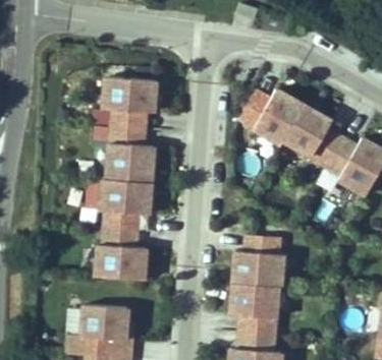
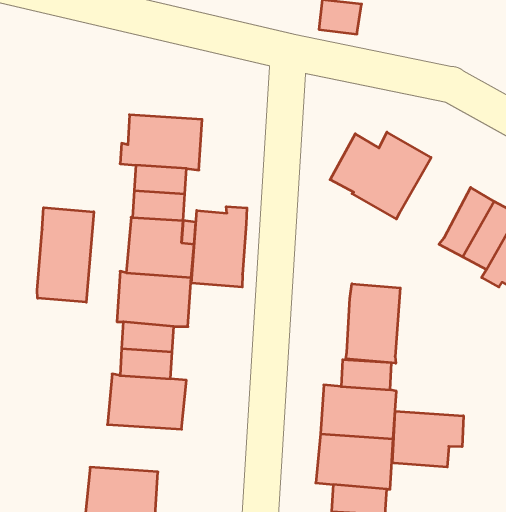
building: [285,105,333,157] -> none
building: none -> [191,207,247,287]
building: none -> [37,208,94,302]
building: none -> [346,284,400,363]
building: none -> [392,411,463,467]

